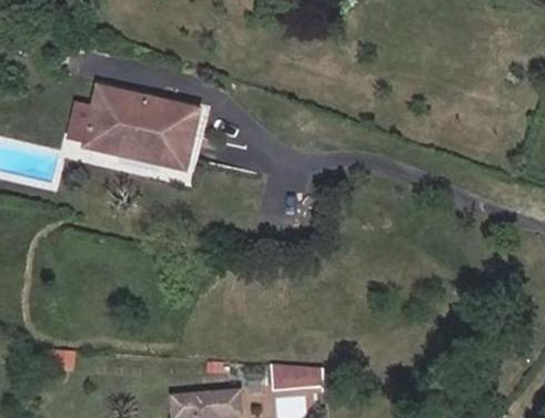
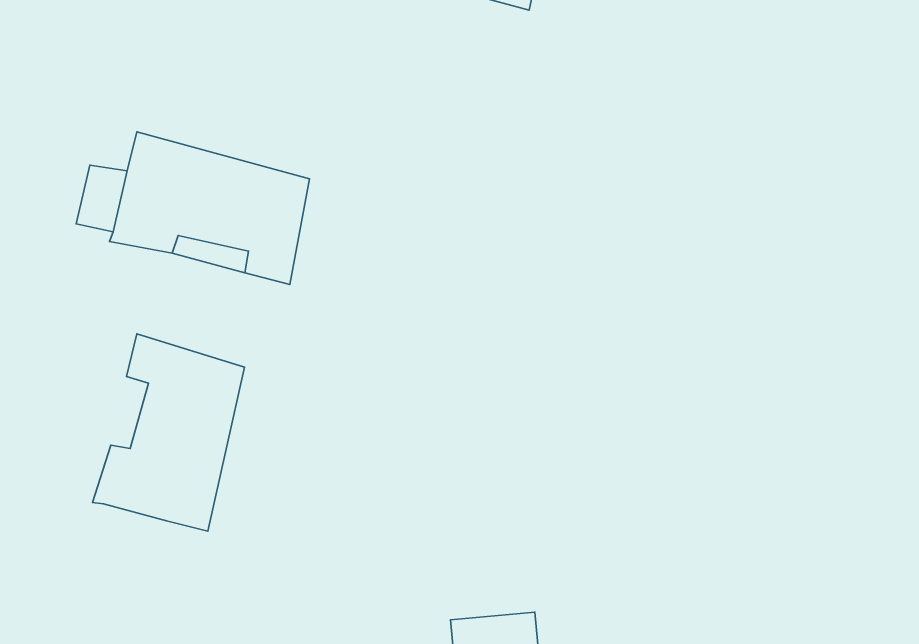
building: none -> [93,334,245,531]

